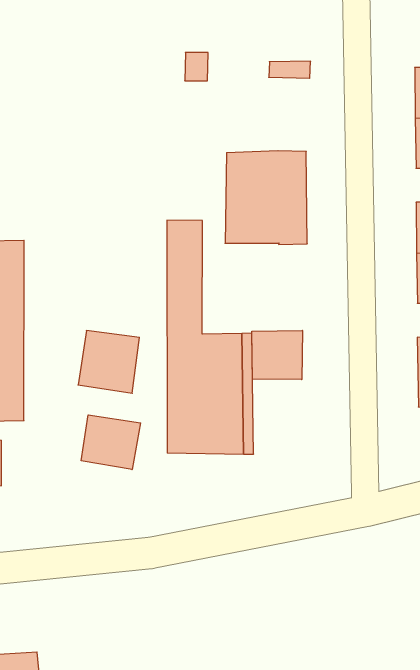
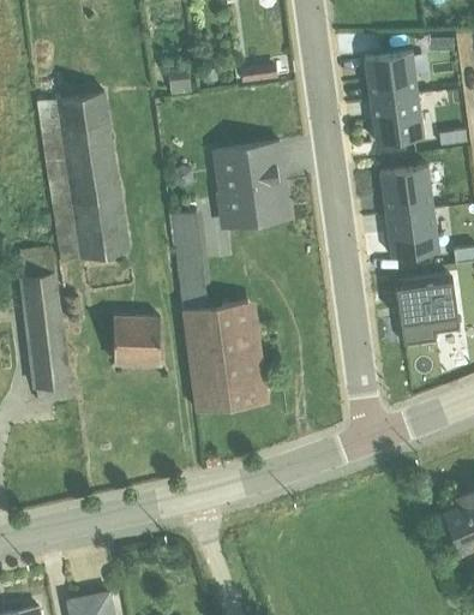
building: none -> [37,91,128,261]
building: [252,330,302,380] -> none
building: [81,415,141,470] -> none

